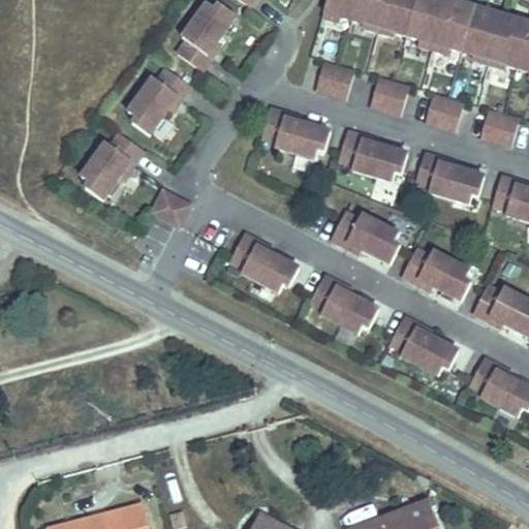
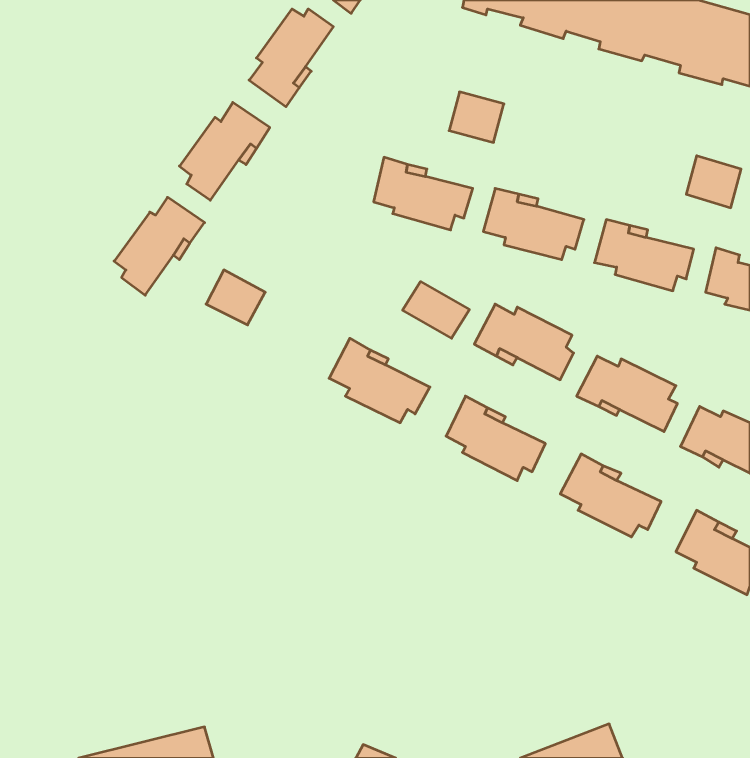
building: [367,79,406,115] -> none
building: [423,94,462,129] -> none
building: none -> [403,282,469,338]

